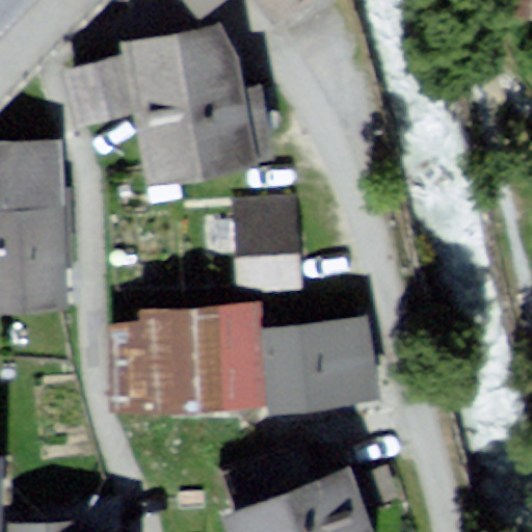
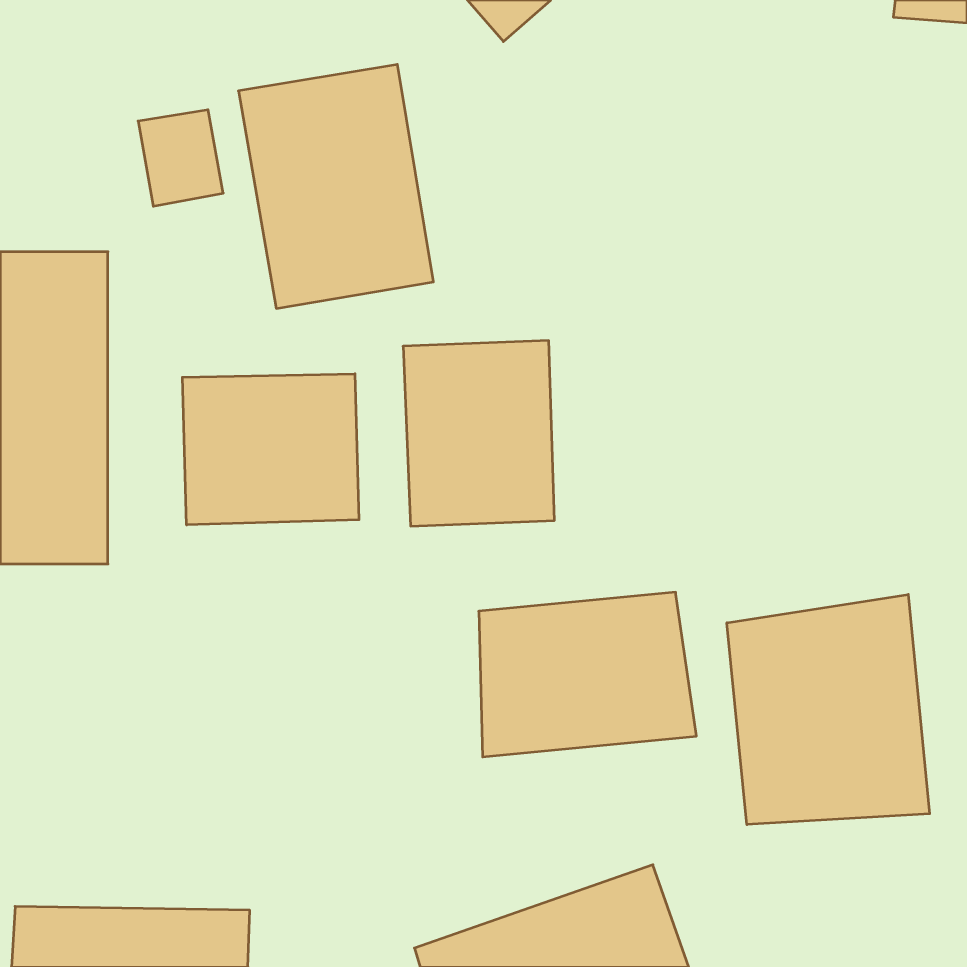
building: none -> [182,374,359,525]
building: [135,305,265,419] -> none
building: none -> [727,594,930,825]

